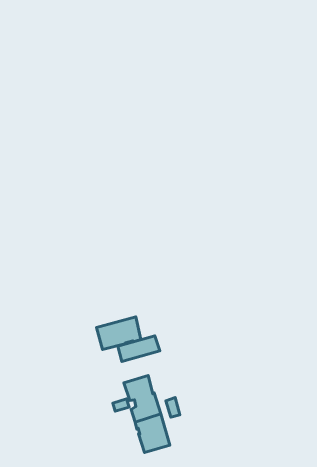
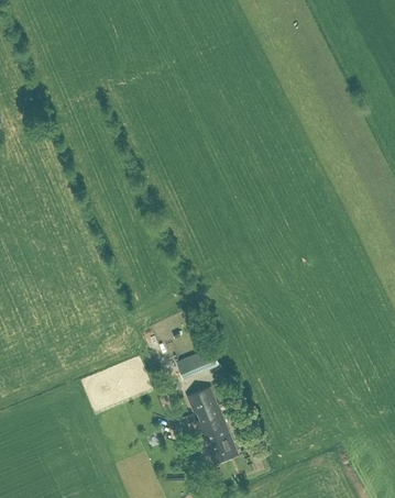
building: [96,317,141,350] -> none

